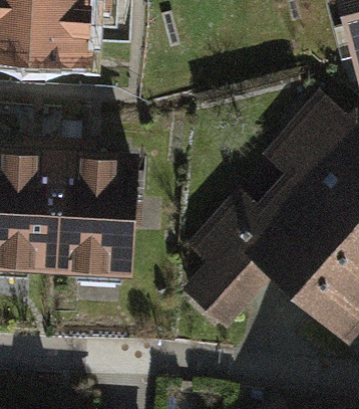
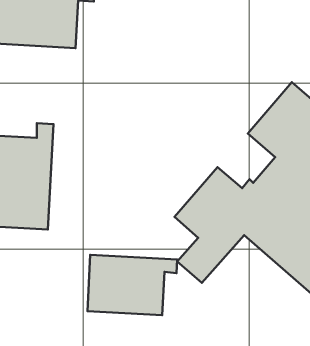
building: [53,151,131,270] -> none
building: none -> [87,255,177,315]

